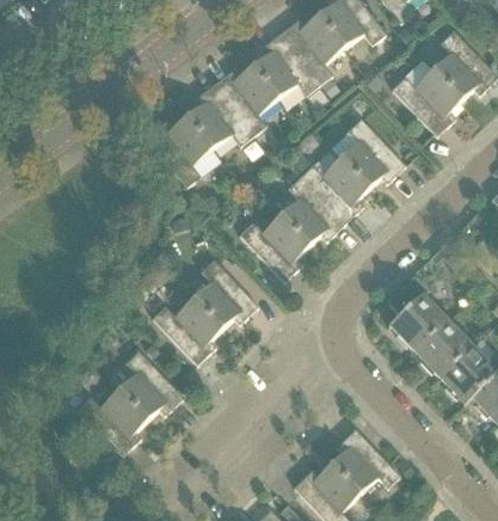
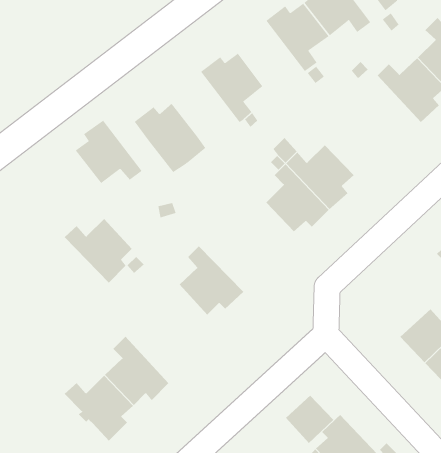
building: [252,32,319,98] -> none
building: [185,84,253,148] -> [75,120,143,184]
building: [339,117,405,188] -> none
building: [239,215,308,281] -> none
building: [386,274,445,350] -> none
building: [152,298,221,363] -> [64,218,133,283]
building: none -> [285,395,334,444]

